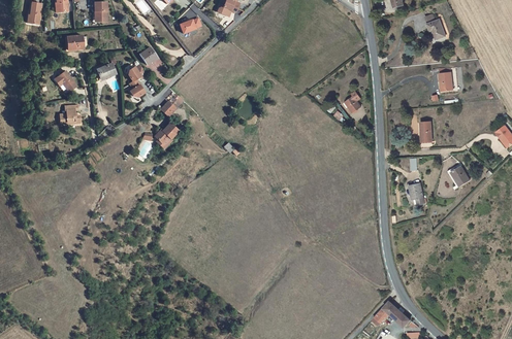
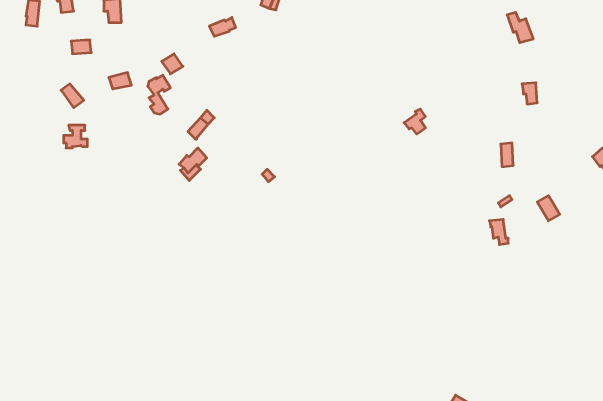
building: [372,301,410,326] -> none

